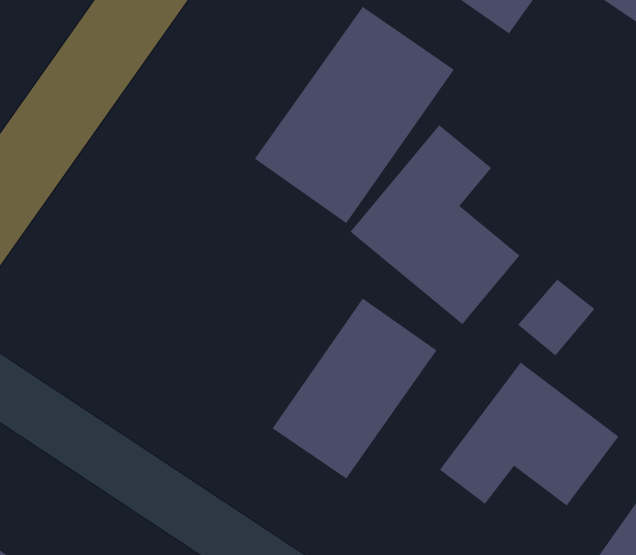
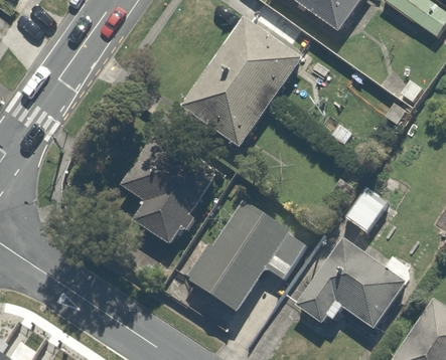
building: [349,124,521,325] -> none
building: none -> [127,150,218,243]

